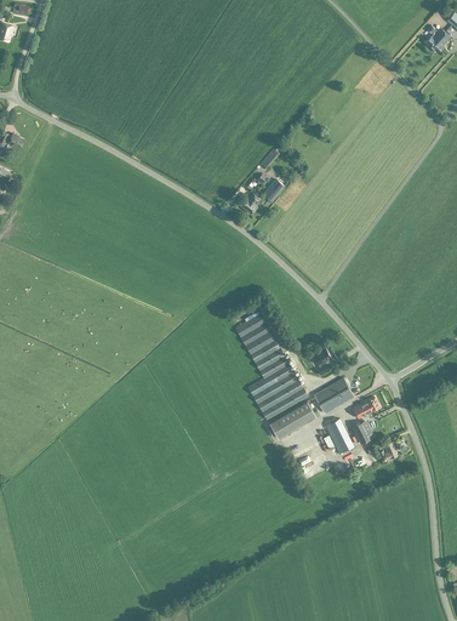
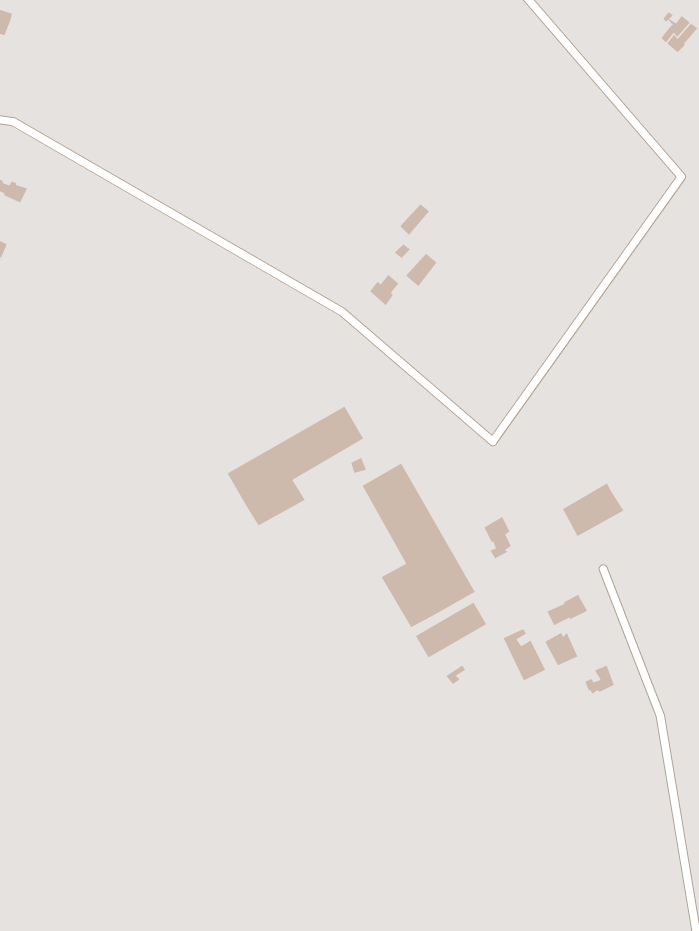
building: none -> [227,405,364,527]
building: [314,377,354,412] -> [562,482,625,537]

